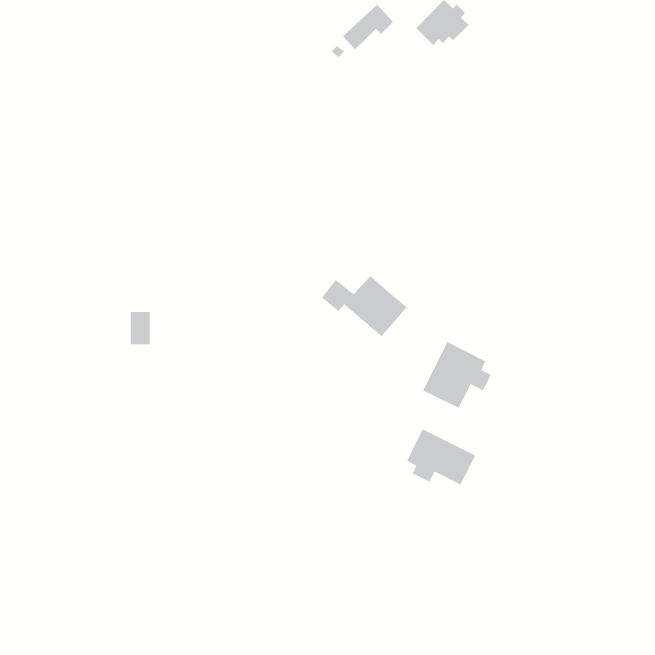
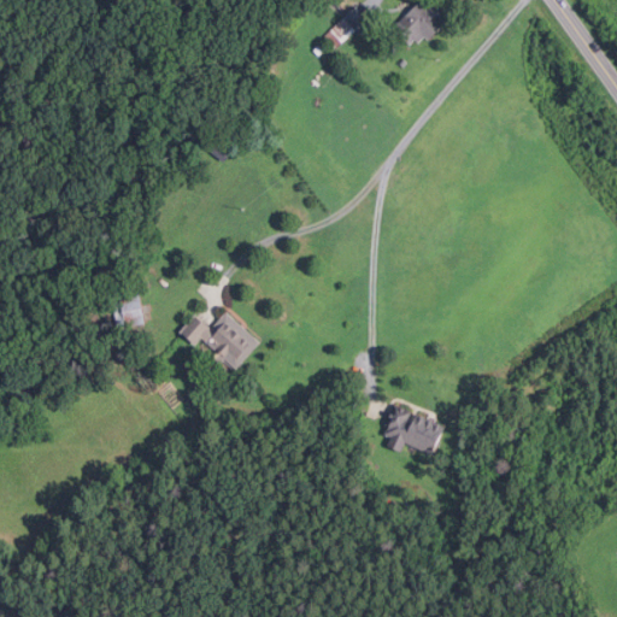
building: [321,275,407,337] -> [181,312,262,370]
building: [422,341,491,408] -> none

